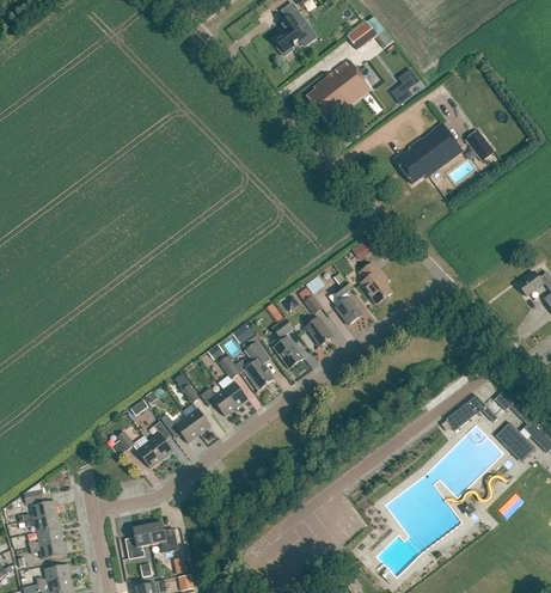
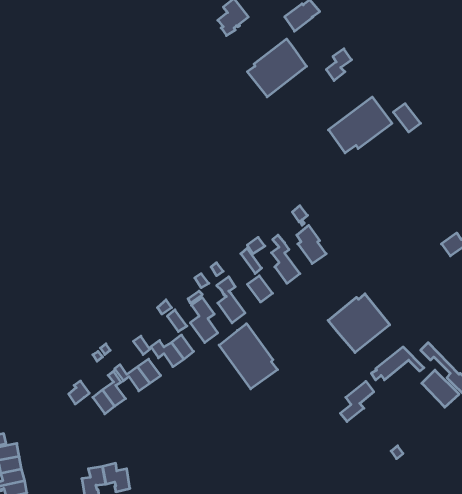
building: none -> [328,294,390,353]
building: none -> [219,324,278,389]
building: none -> [340,381,374,422]

